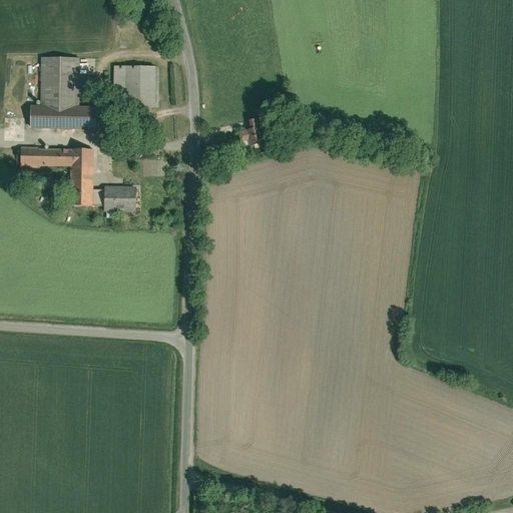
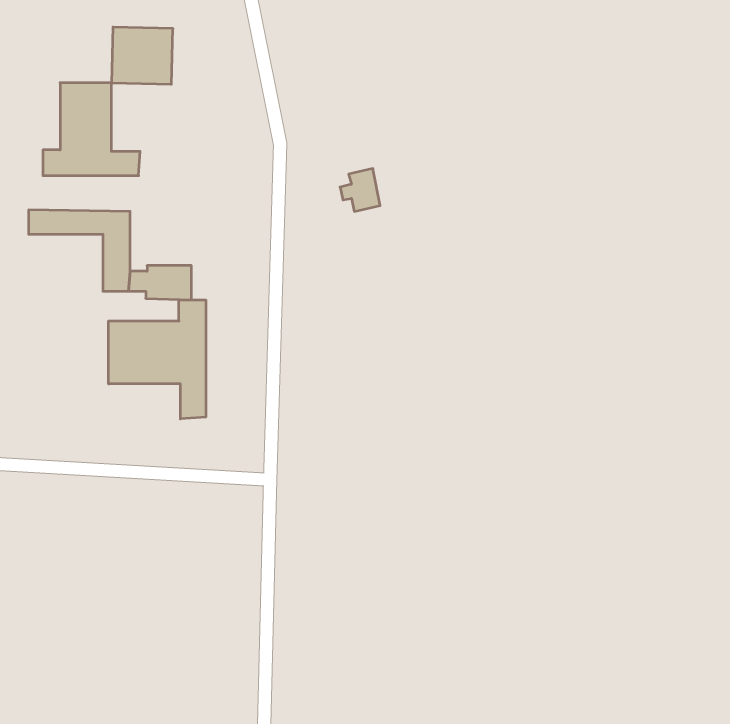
building: [113,65,156,105] -> [111,27,173,84]
building: none -> [109,300,206,419]

